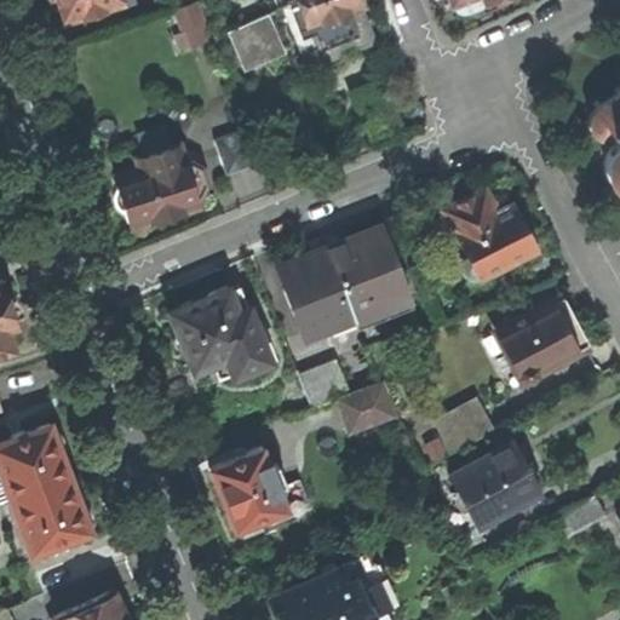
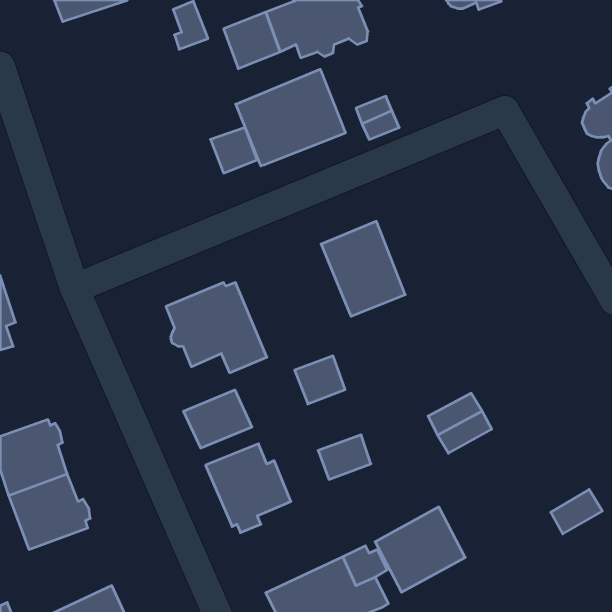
building: none -> [236,69,345,166]
building: [115,144,207,229] -> none
building: [444,190,539,282] -> none
building: [276,248,355,339] -> none
building: [496,298,590,384] -> none
building: [340,388,394,432] -> [318,435,371,479]
building: none -> [184,390,252,448]
building: [450,442,541,528] -> [375,507,465,592]

